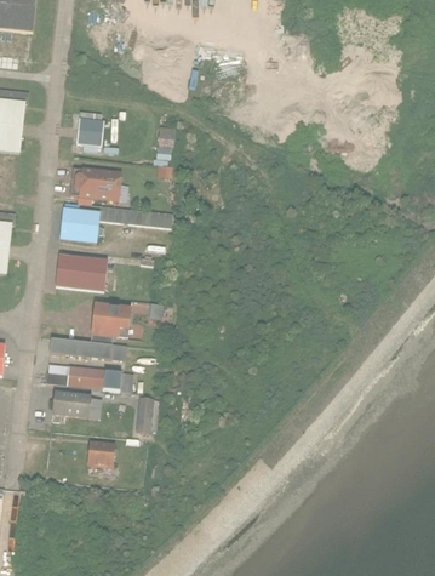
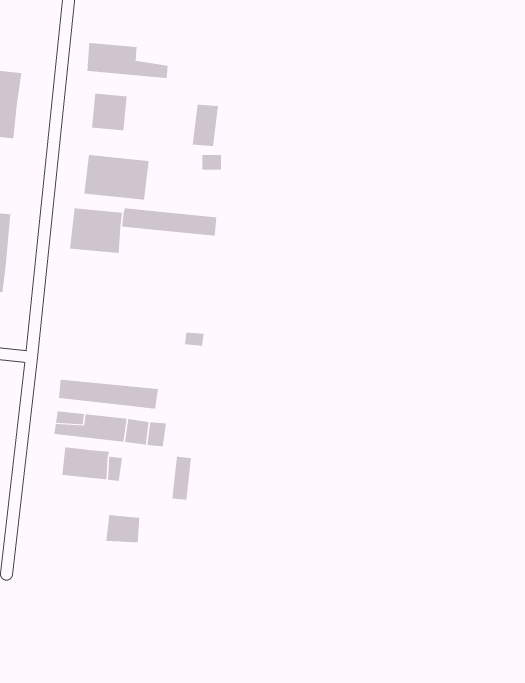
building: none -> [87,42,168,79]
building: [57,256,109,291] -> none
building: [93,302,133,338] -> none

